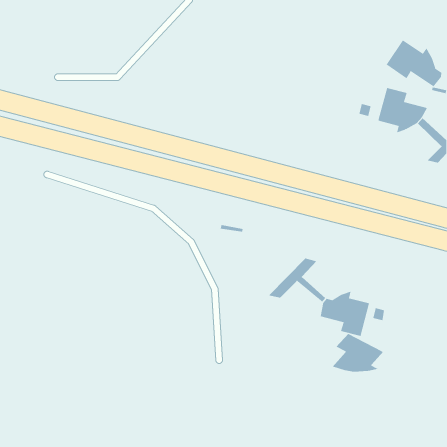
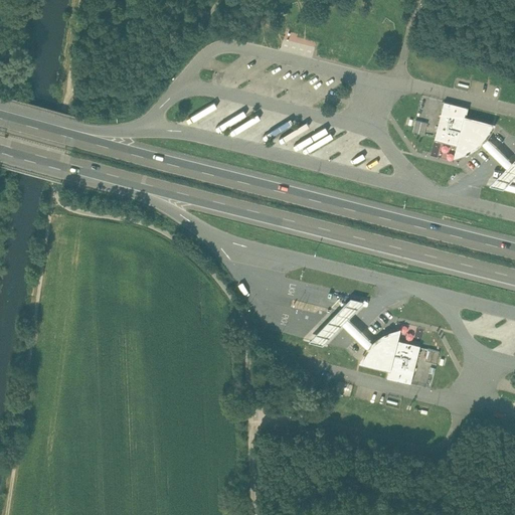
building: [386,39,442,87] -> none
building: [332,333,384,373] -> none

